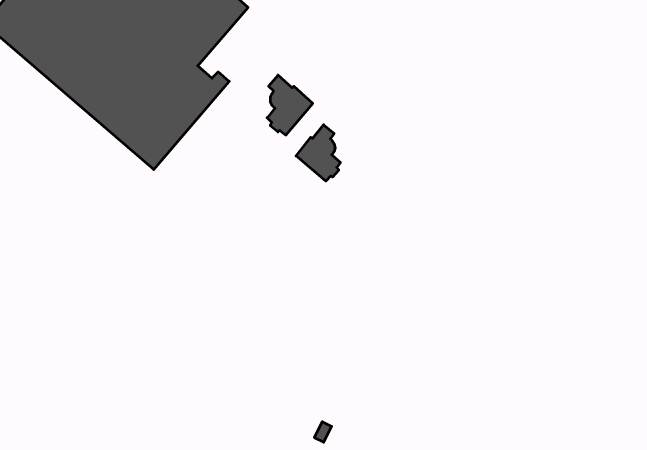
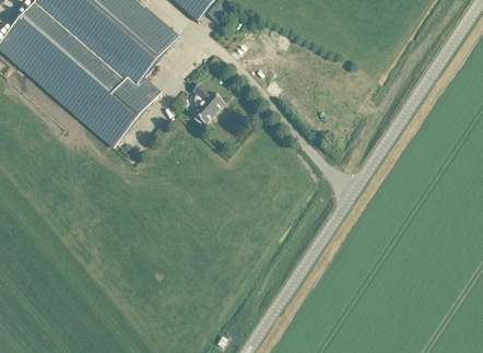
building: [296,125,340,181] -> none

